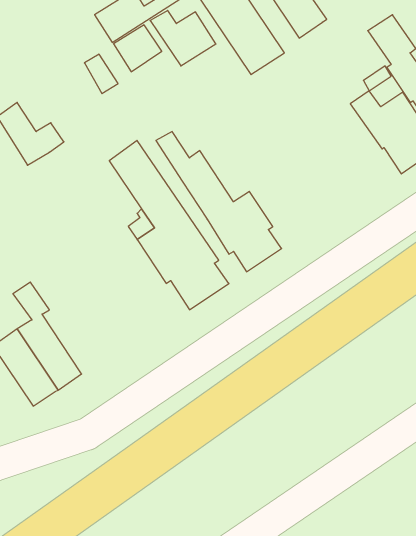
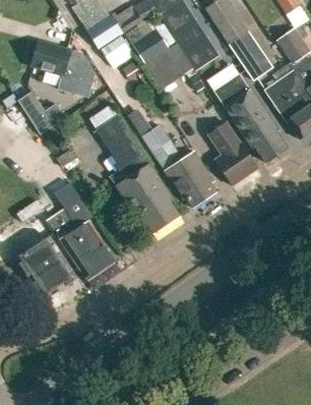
building: none -> [229,33,269,79]
building: none -> [32,41,78,93]
building: none -> [145,44,192,89]
building: none -> [213,73,288,162]
building: none -> [208,121,257,184]
building: none -> [36,155,114,278]

